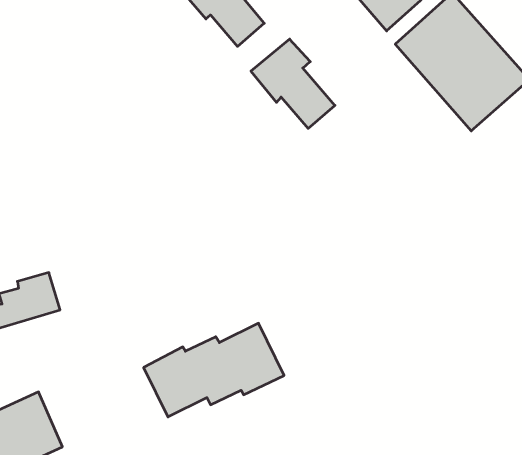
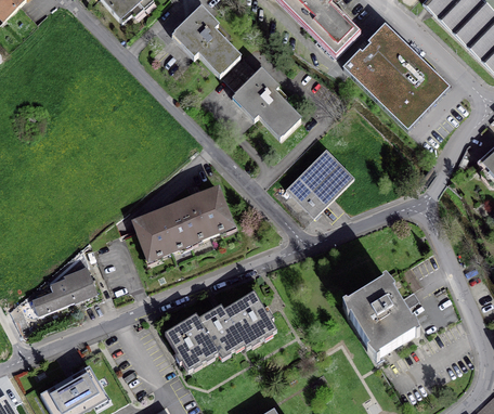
building: none -> [286,152,355,220]
building: none -> [132,185,239,260]
building: none -> [343,280,419,361]

